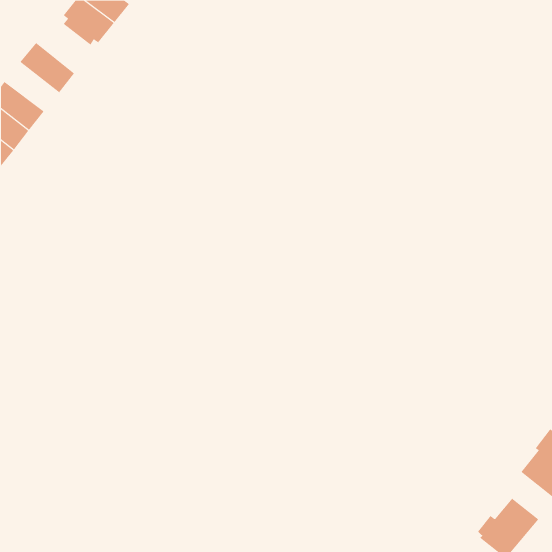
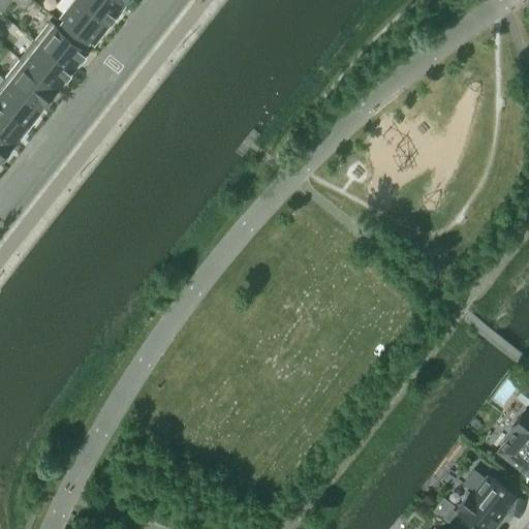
building: none -> [35,22,88,71]
building: none -> [5,60,58,107]

